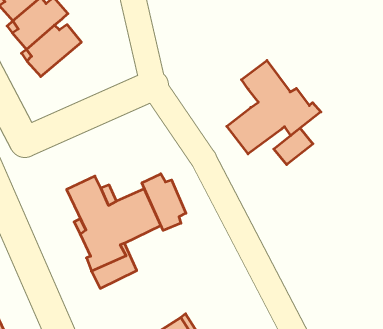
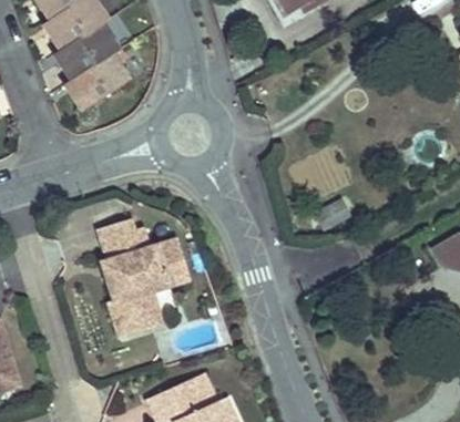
building: [227,60,321,154] -> none
building: [142,174,186,230] -> none

